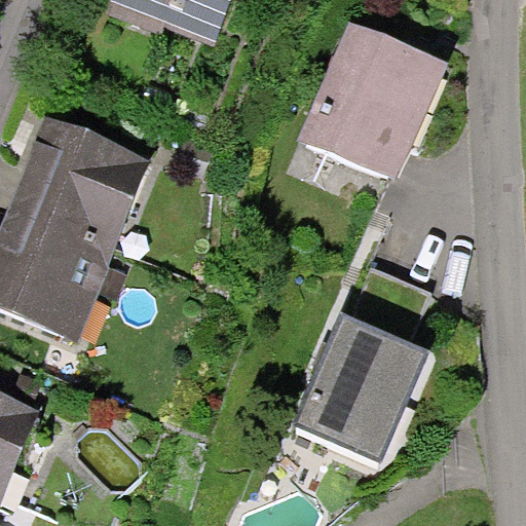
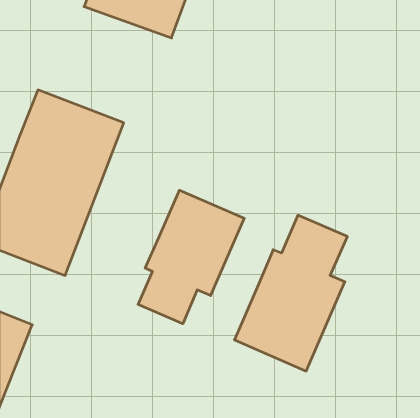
building: [296,24,442,179] -> none
building: none -> [138,190,244,324]

